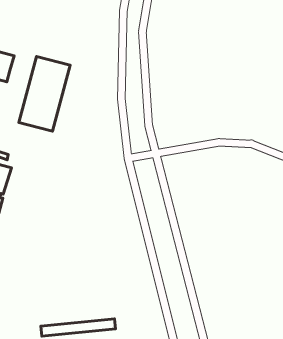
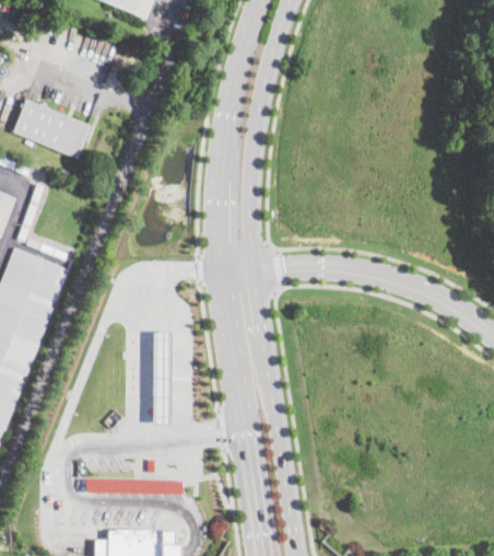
building: [19,57,70,131] -> none

